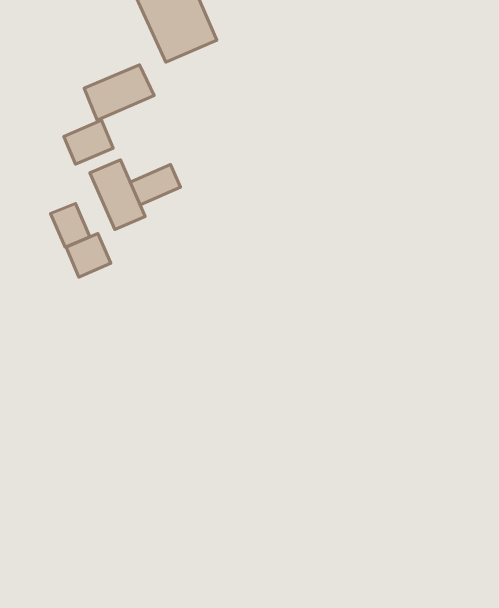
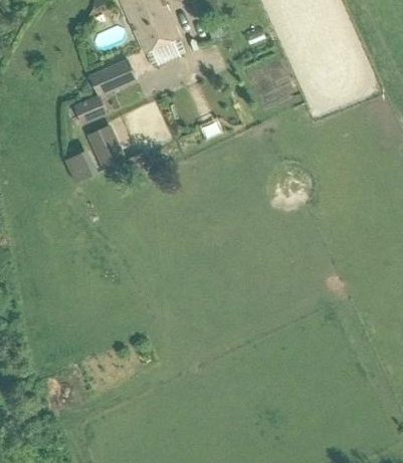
building: [130,165,180,205] -> none
building: [66,233,111,277] -> none

